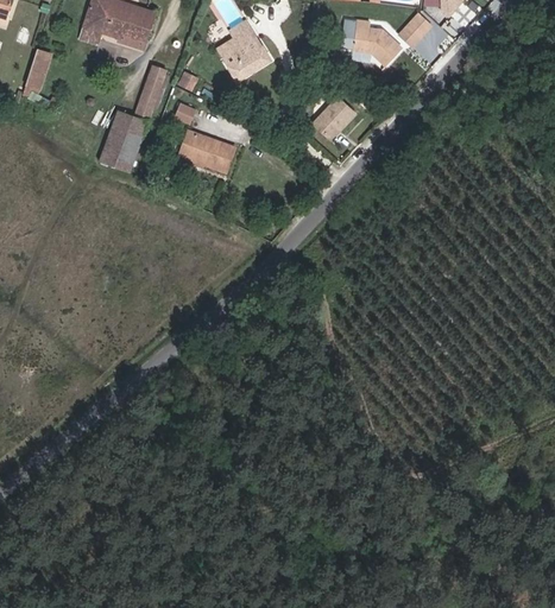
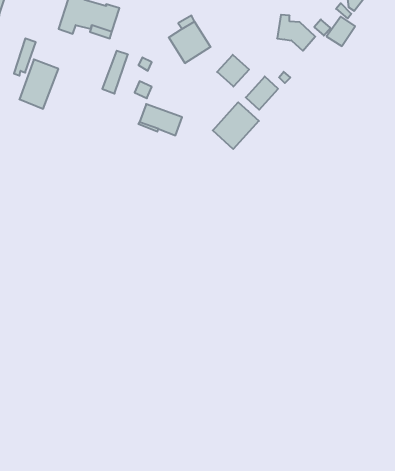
building: none -> [217,55,249,87]
building: [100,109,149,171] -> [19,59,58,109]
building: none -> [213,102,259,149]

